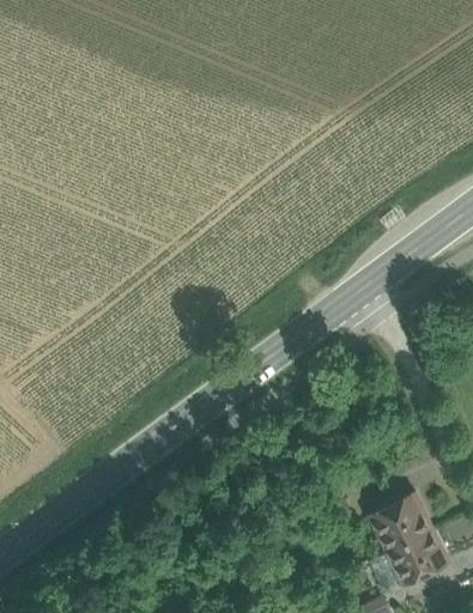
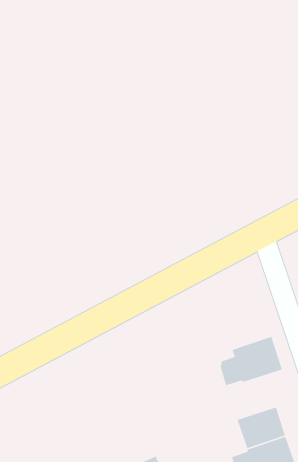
building: none -> [220,336,283,386]

